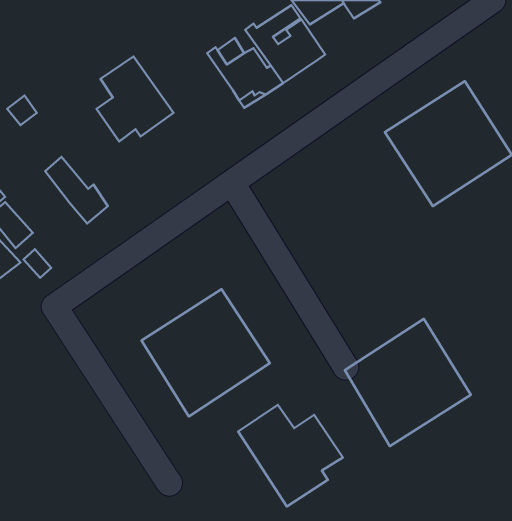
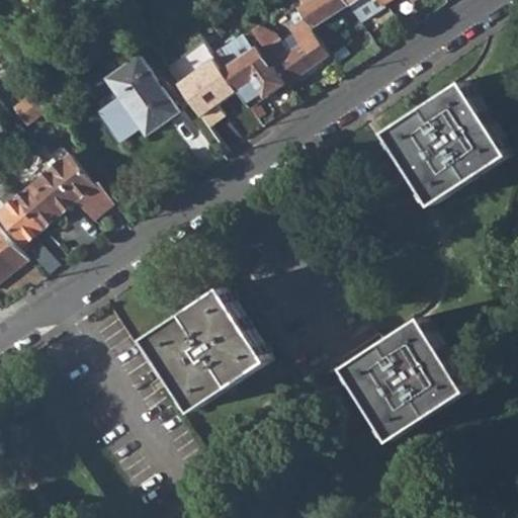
building: none -> [170,36,230,114]
building: none -> [5,172,69,233]
building: [238,405,343,506] -> none

